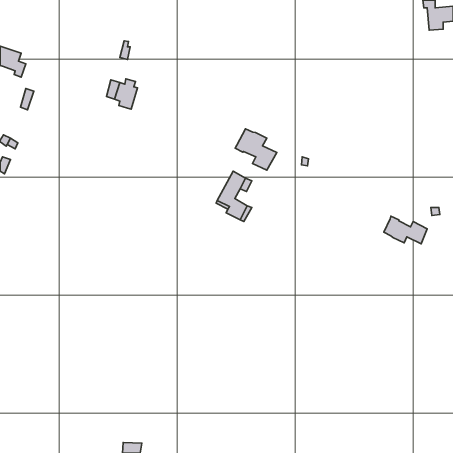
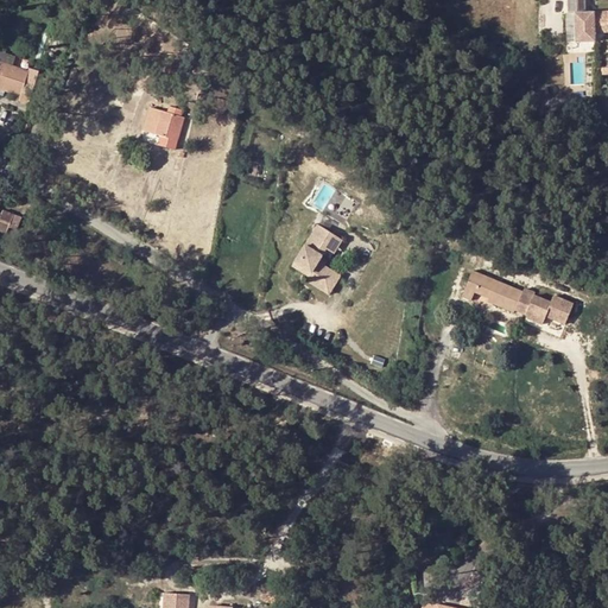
building: [235,129,277,170] -> none
building: none -> [461,271,522,312]

